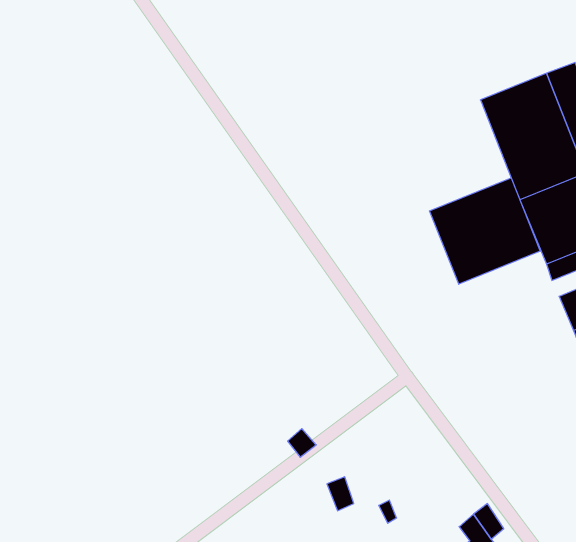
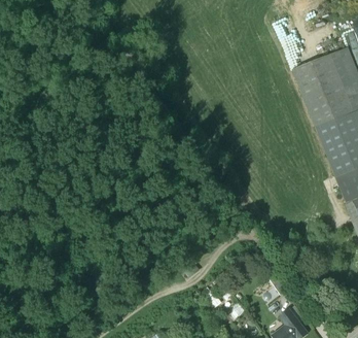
building: [430,178,540,284] -> none

